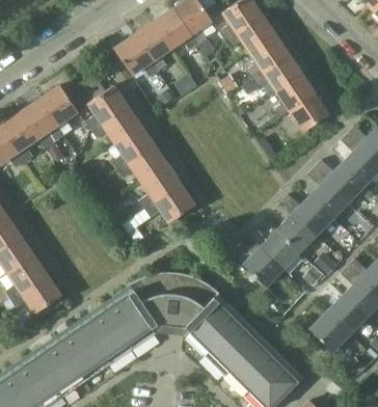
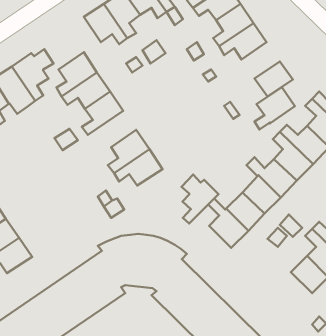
building: [275,75,317,118] -> [255,87,295,129]
building: [119,145,169,183] -> none
building: none -> [182,175,218,223]
building: [312,311,350,351] -> none

